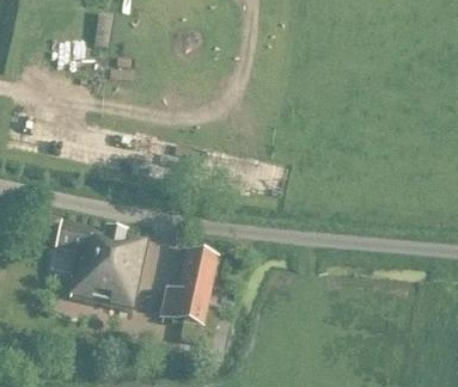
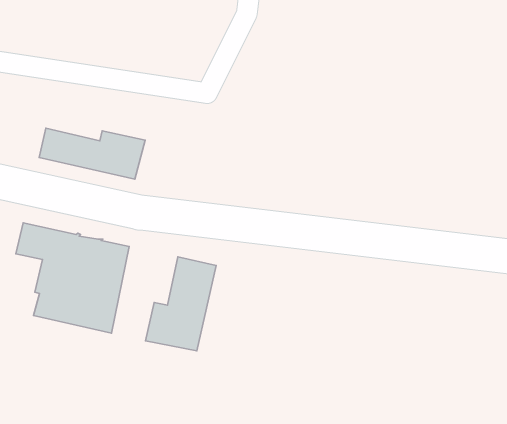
building: none -> [39,128,145,179]

